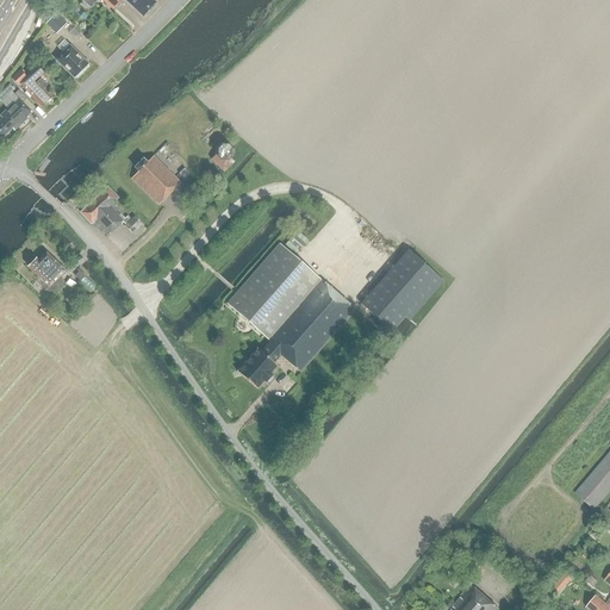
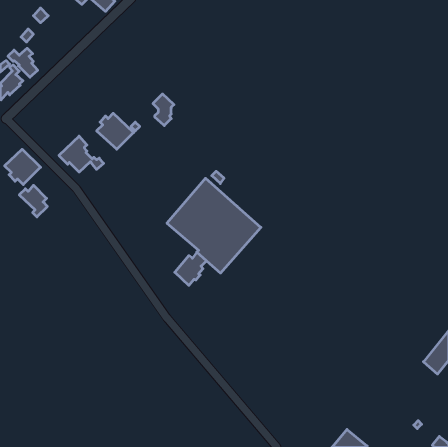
building: [56,44,88,76] -> none
building: none -> [5,149,41,185]
building: [363,249,443,328] -> none

